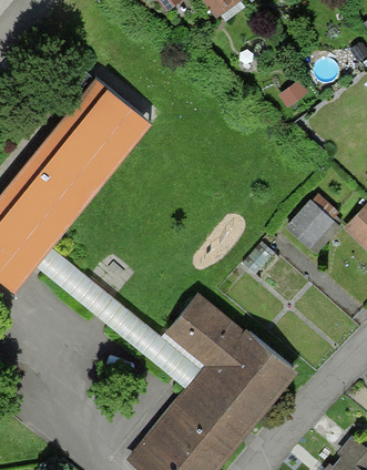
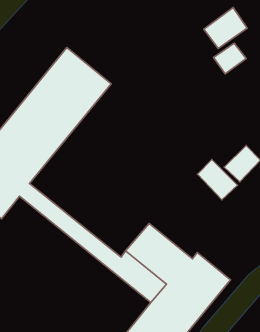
building: none -> [204,8,247,49]
building: none -> [197,160,237,200]

